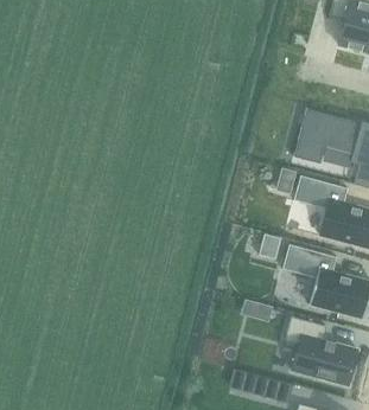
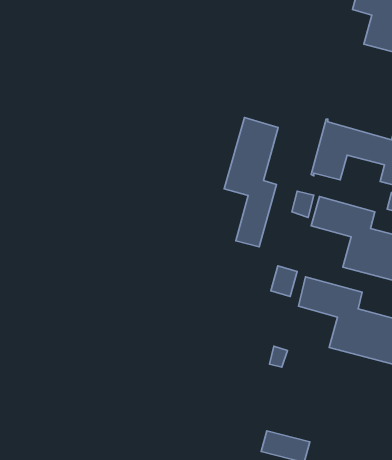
building: none -> [224,117,278,247]
building: [284,315,356,385] -> none

